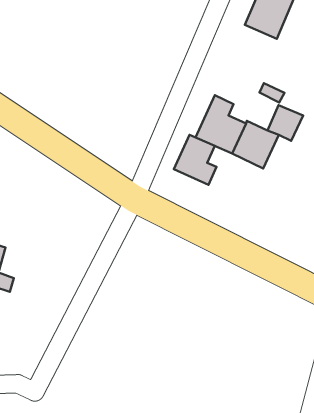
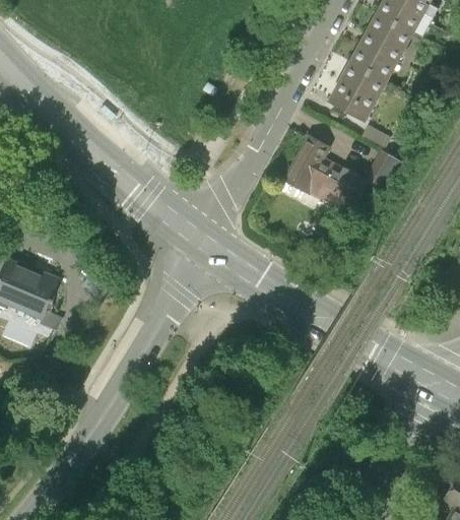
building: none -> [327,58,386,121]
building: [174,135,216,185] -> none

